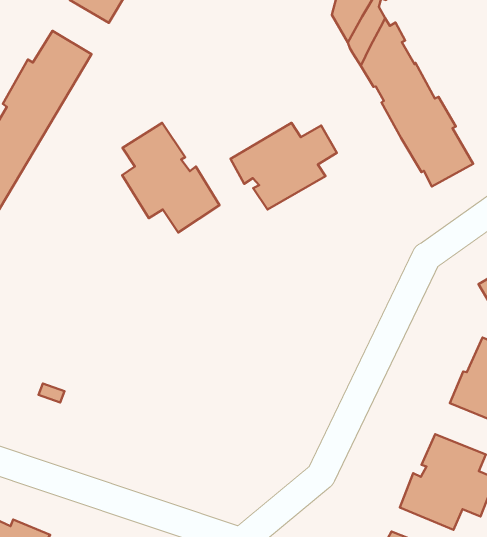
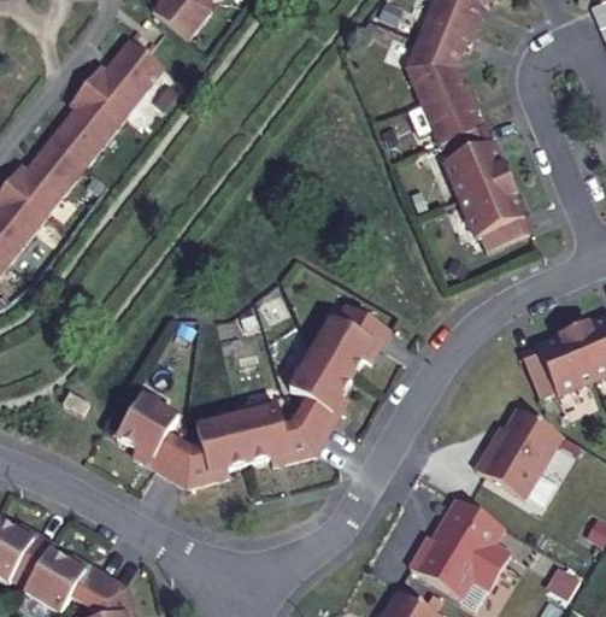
building: [122,123,220,233] -> none
building: [231,123,337,210] -> none
building: none -> [114,304,389,487]

